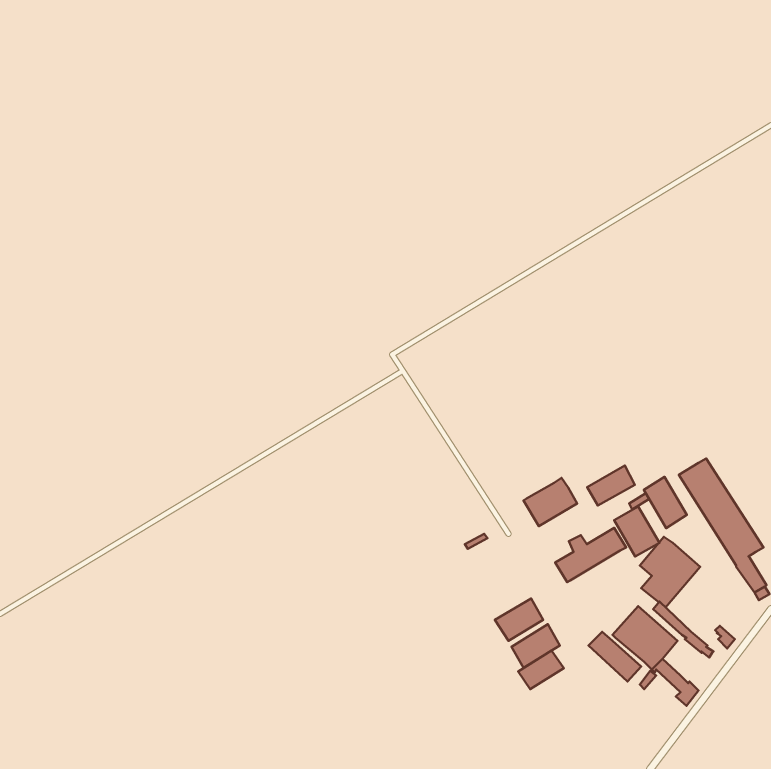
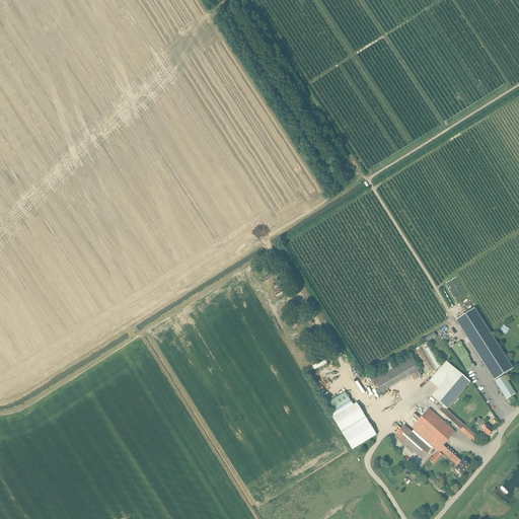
building: [587,465,635,505] -> none
building: [644,477,687,528] -> none
building: [523,478,577,526] -> none
building: [518,650,564,689] -> none

